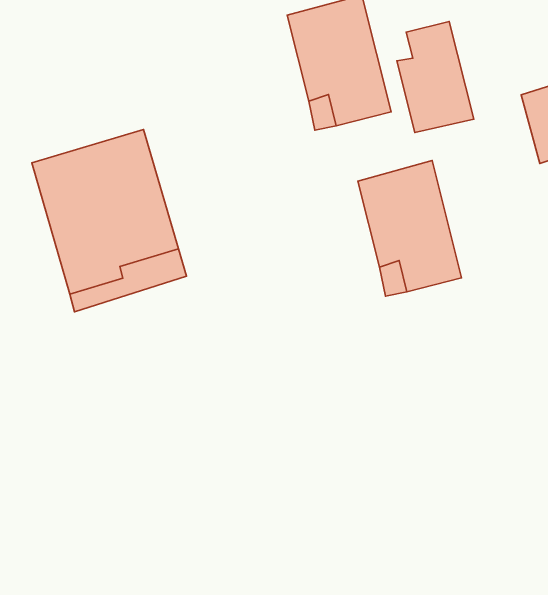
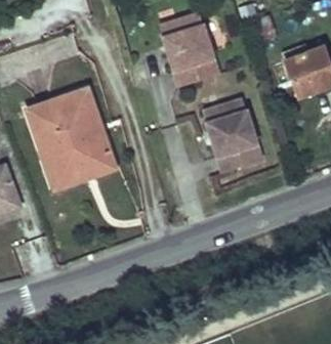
building: [397,22,474,133] -> none

